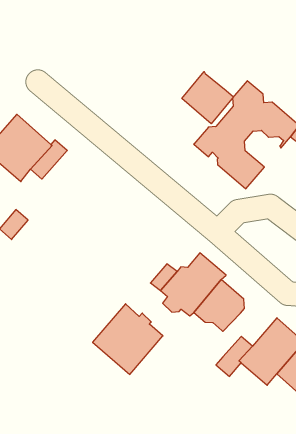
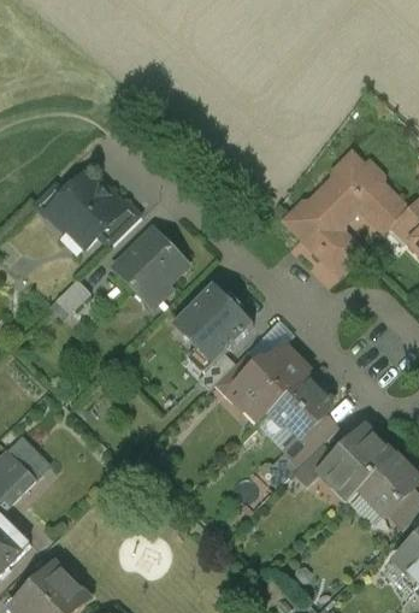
building: [182,72,233,124] -> none
building: none -> [112,229,185,301]
building: [93,304,163,374] -> [171,283,252,364]
building: none -> [284,415,335,464]

